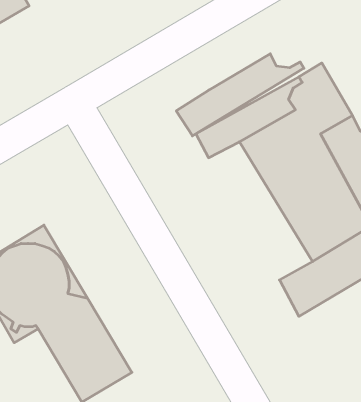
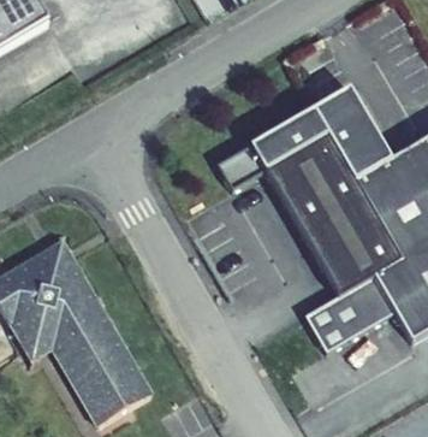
building: [176,54,304,136] -> none

